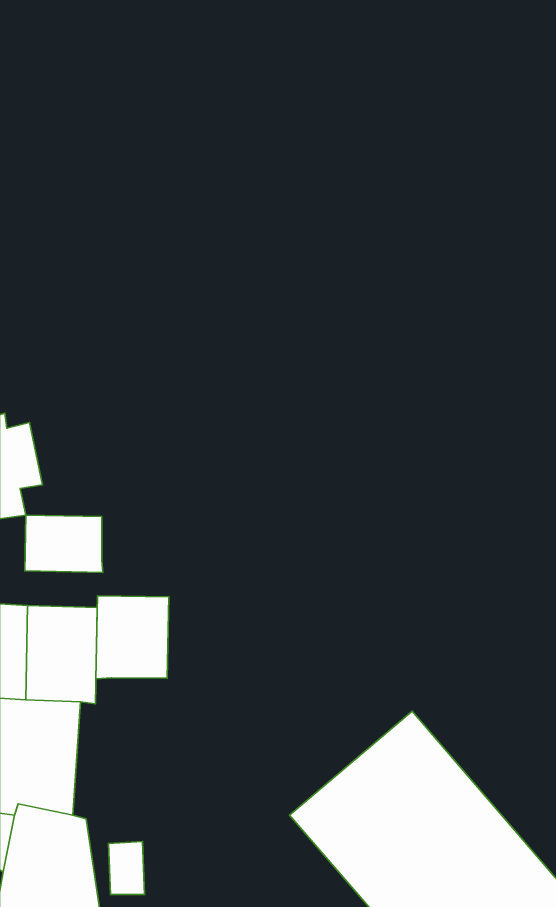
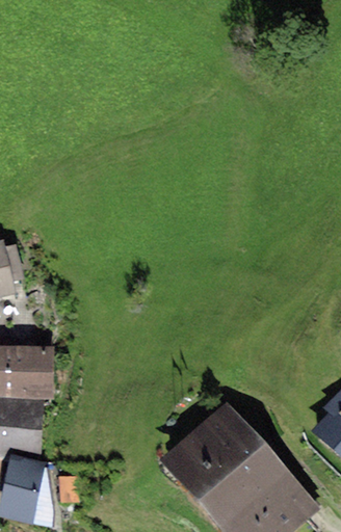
building: [25,515,103,573] -> none
building: [96,596,169,679] -> none

